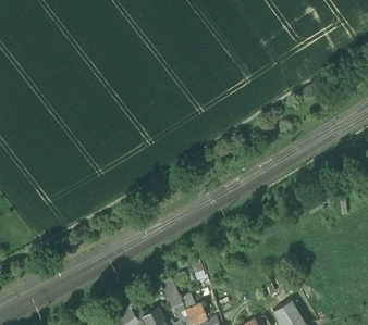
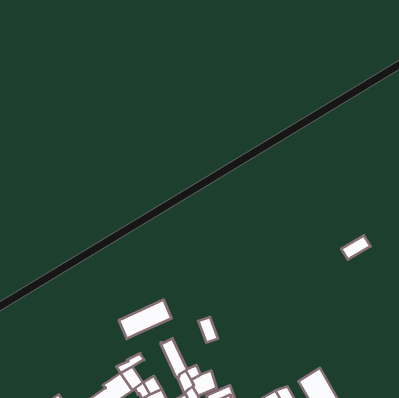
building: none -> [119,300,171,339]

